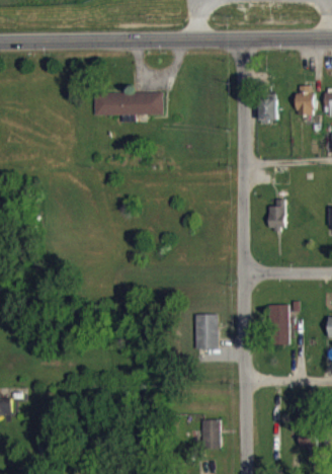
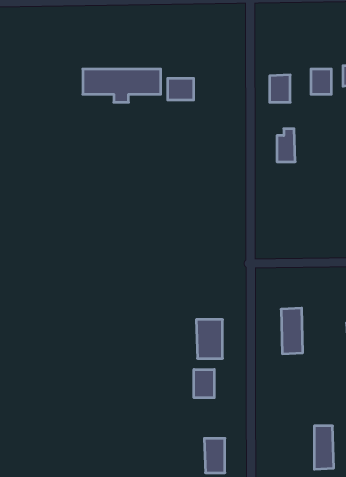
building: none -> [168,78,194,100]
building: [268,200,284,229] -> [277,129,295,162]
building: none -> [194,369,214,398]

